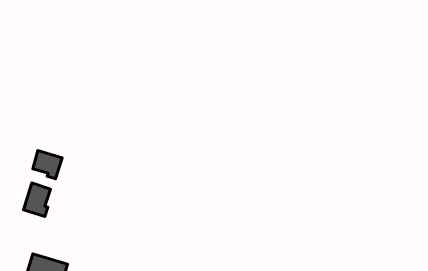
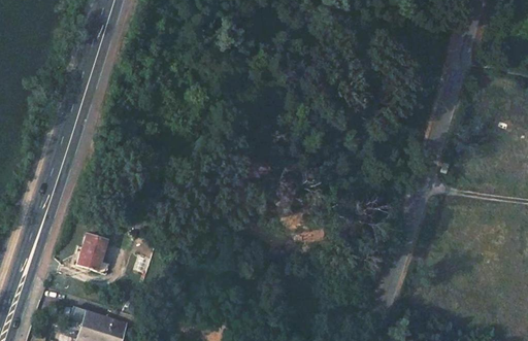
building: [33,150,62,179] -> none

